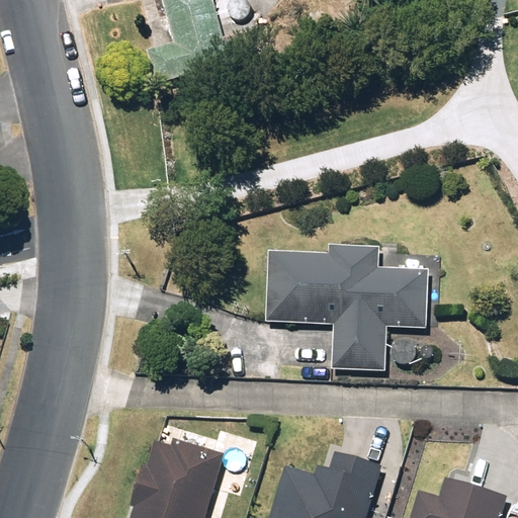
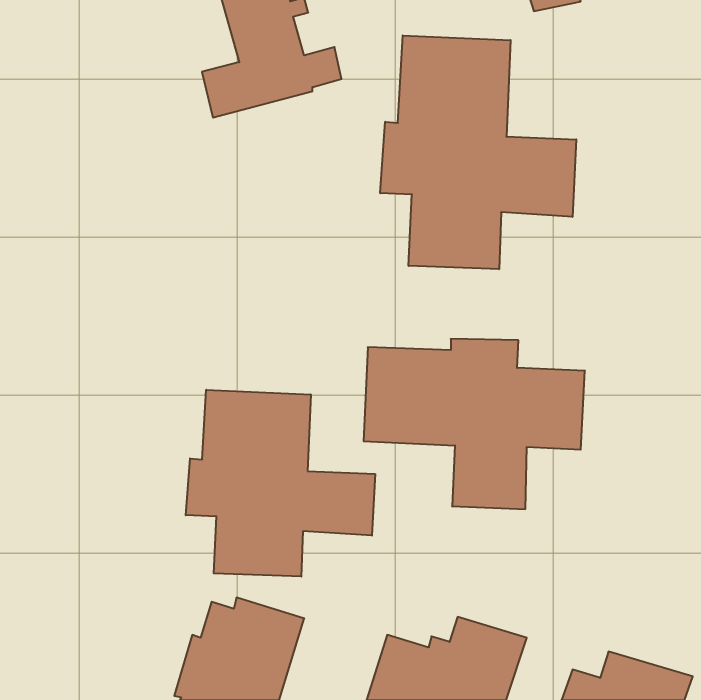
building: none -> [380,35,576,269]
building: none -> [186,390,375,577]

